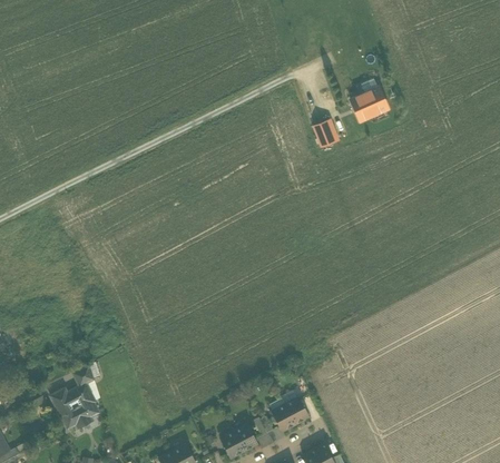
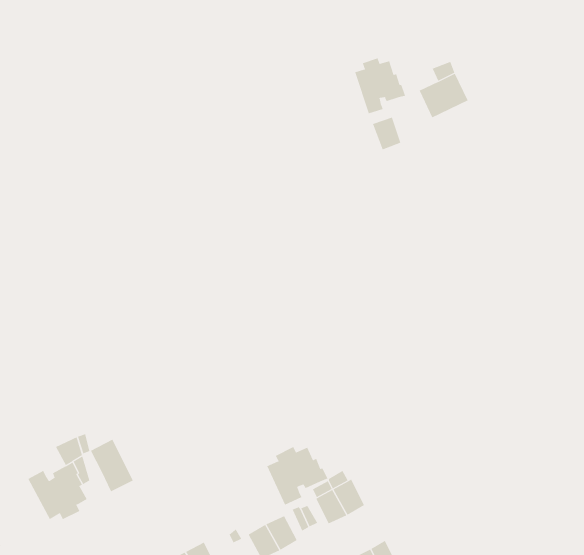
building: none -> [355,57,406,114]
building: none -> [90,439,133,492]
building: none -> [267,446,328,505]

